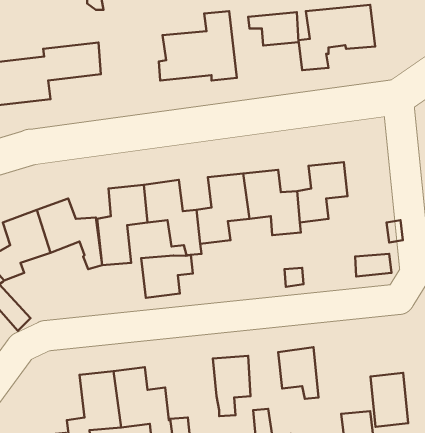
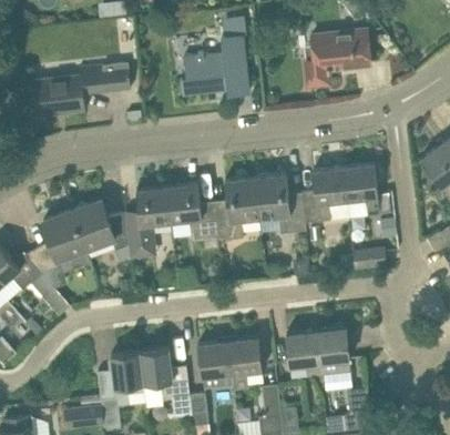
building: [248,12,298,46] -> none
building: none -> [344,164,380,216]
building: [141,255,193,298] -> none
building: none -> [197,341,234,390]
building: [370,373,408,427] -> [317,327,350,375]

